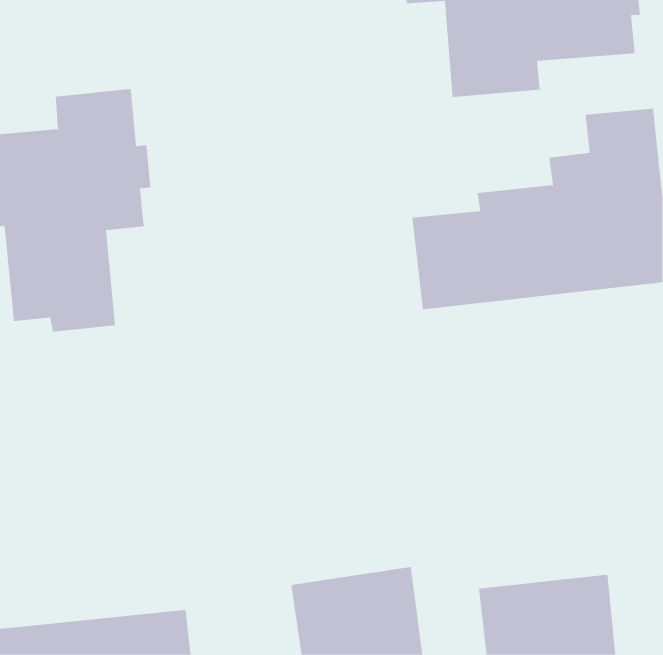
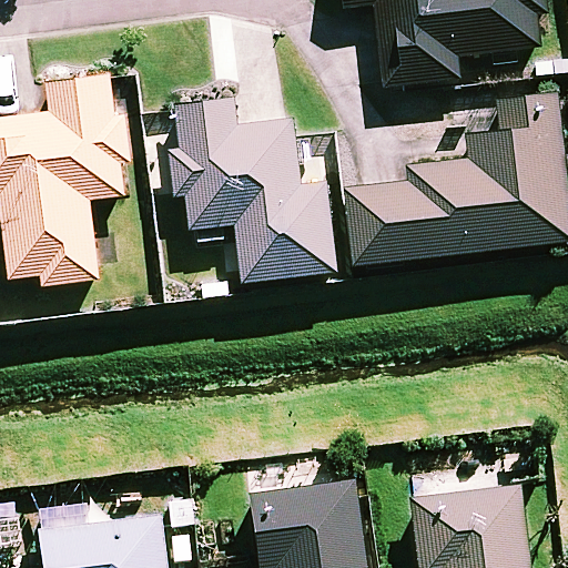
building: none -> [174,98,336,280]

